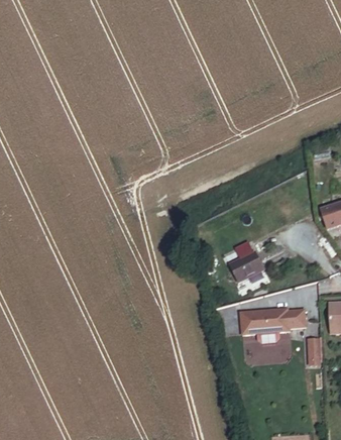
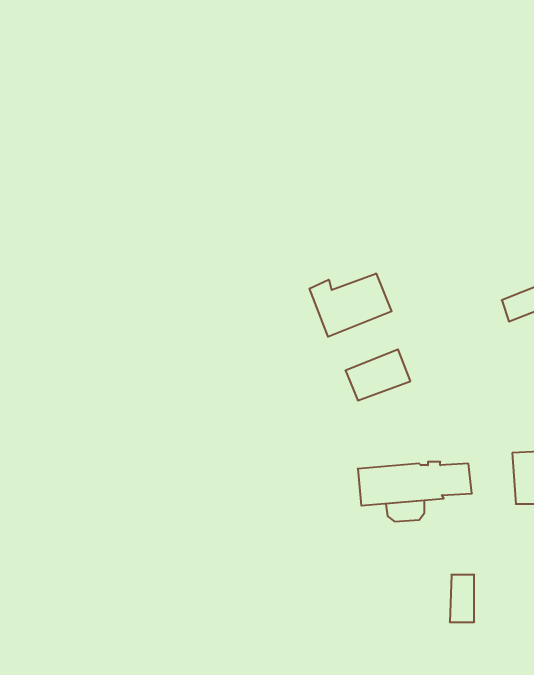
building: none -> [310,273,392,337]
building: [307,338,321,365] -> [450,575,474,622]

